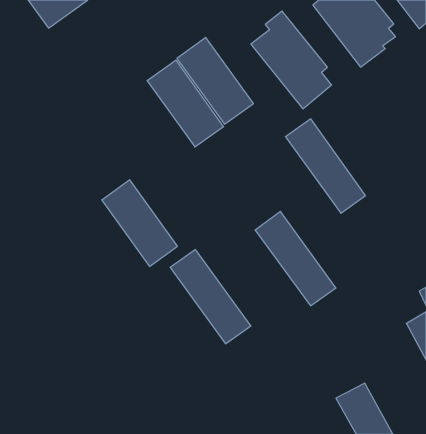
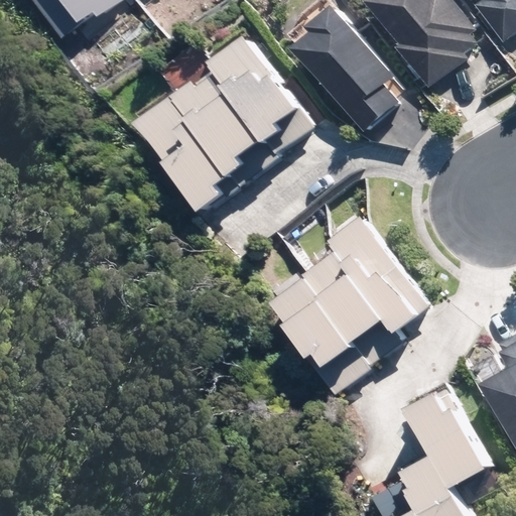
building: [285,119,365,213] -> [329,221,423,333]
building: [102,180,177,266] -> [139,99,229,202]
building: [170,250,251,344] -> [272,278,368,390]
building: none -> [408,389,485,483]

